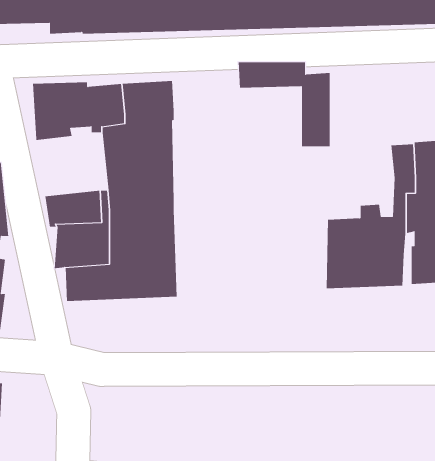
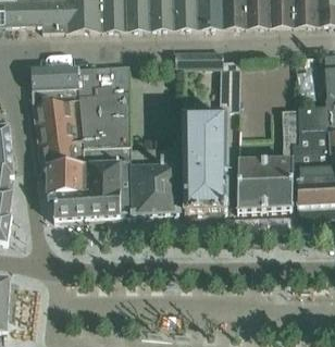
building: none -> [33,96,84,145]
building: none -> [182,115,228,213]
building: none -> [131,147,178,215]

